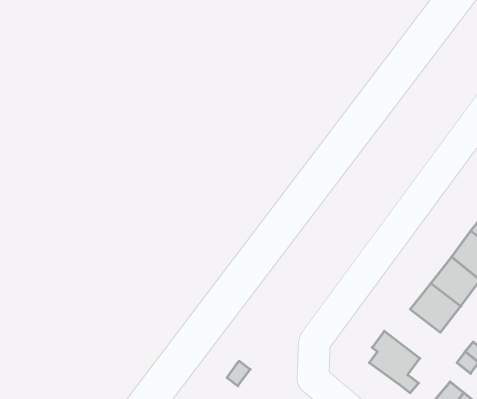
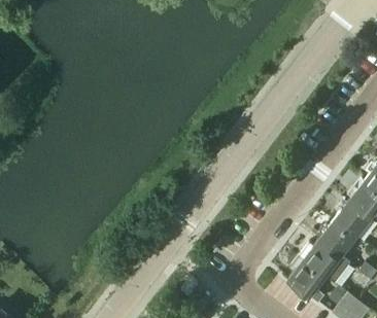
building: none -> [300,240,351,284]

